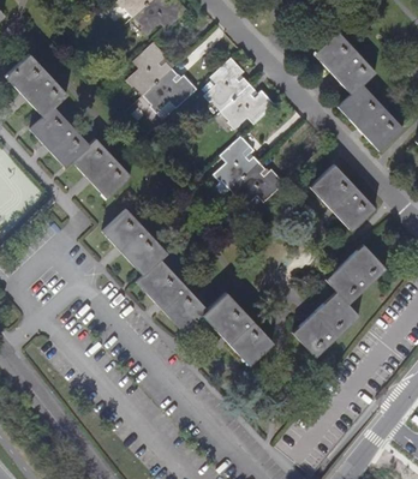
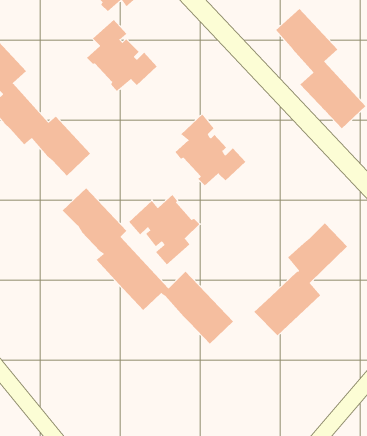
building: [204,58,275,130] -> none
building: [310,163,375,230] -> none
building: none -> [128,194,200,265]

